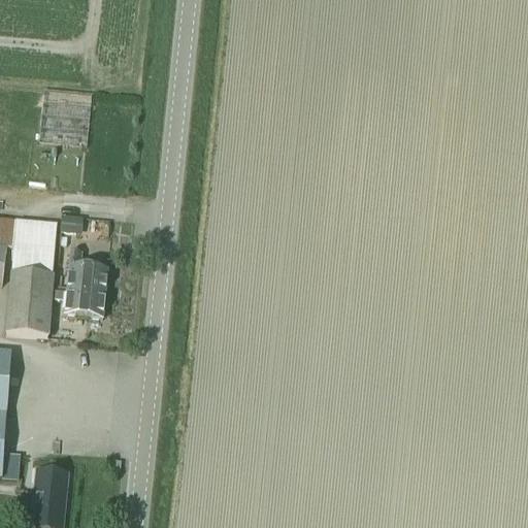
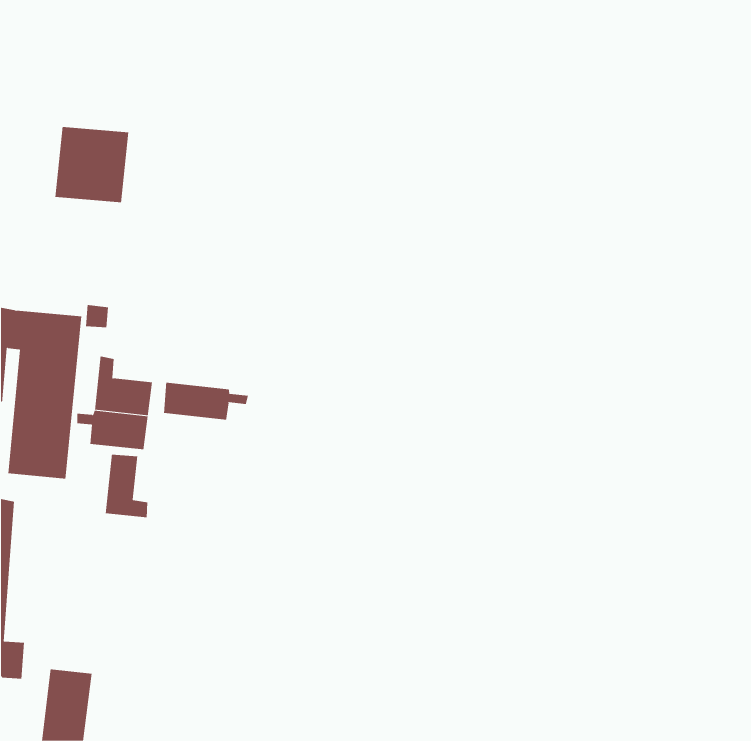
building: none -> [163,382,248,420]
building: none -> [105,454,148,518]

